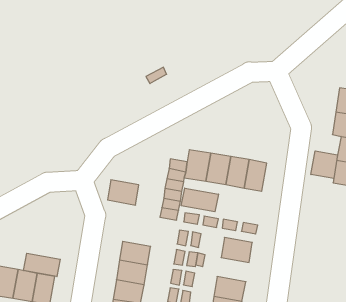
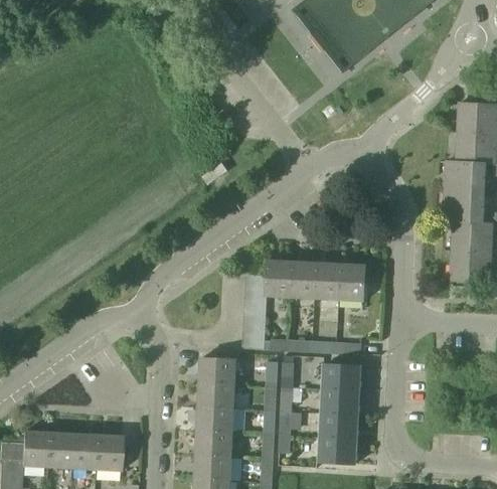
building: [311,151,337,179] -> none
building: [108,180,139,205] -> [199,357,235,384]
building: [181,188,218,212] -> none
building: [23,253,60,277] -> none
building: none -> [321,387,358,414]

